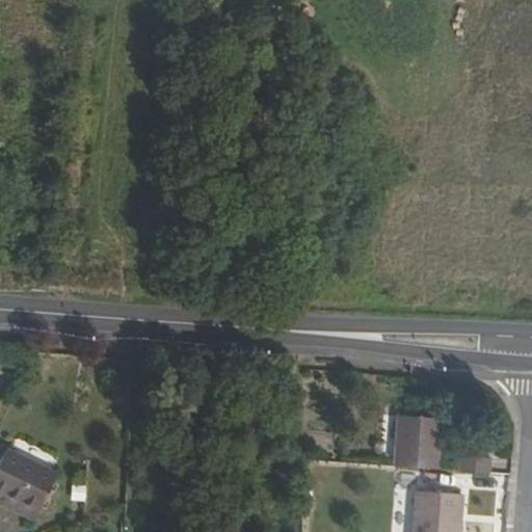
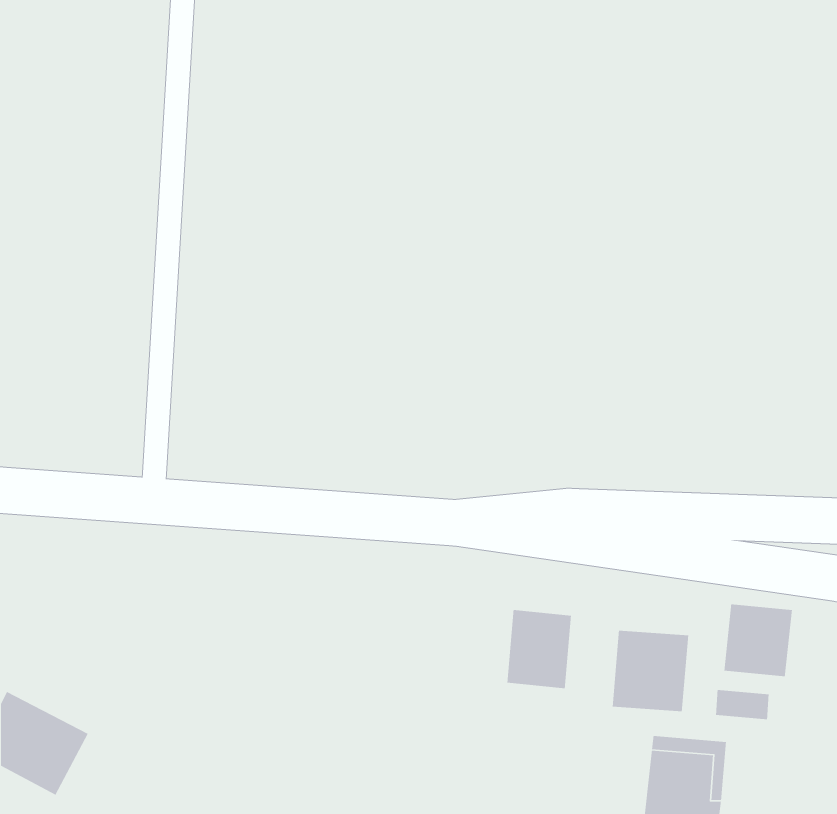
building: none -> [723,604,793,677]
building: none -> [507,609,572,689]

